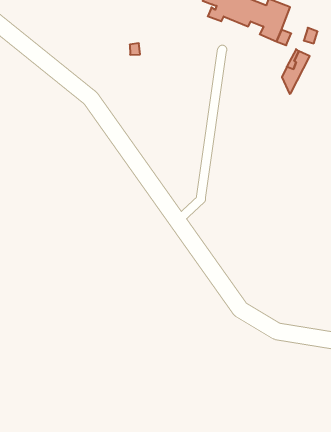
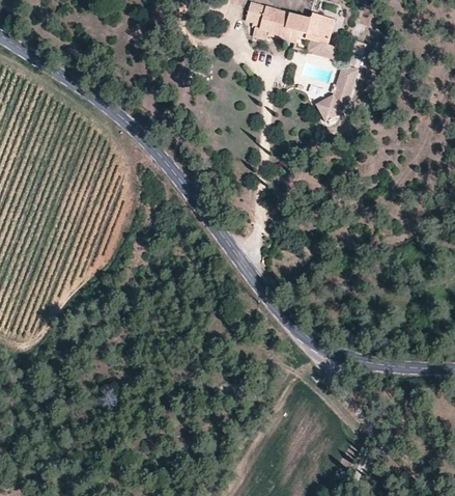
building: none -> [314,92,341,119]

